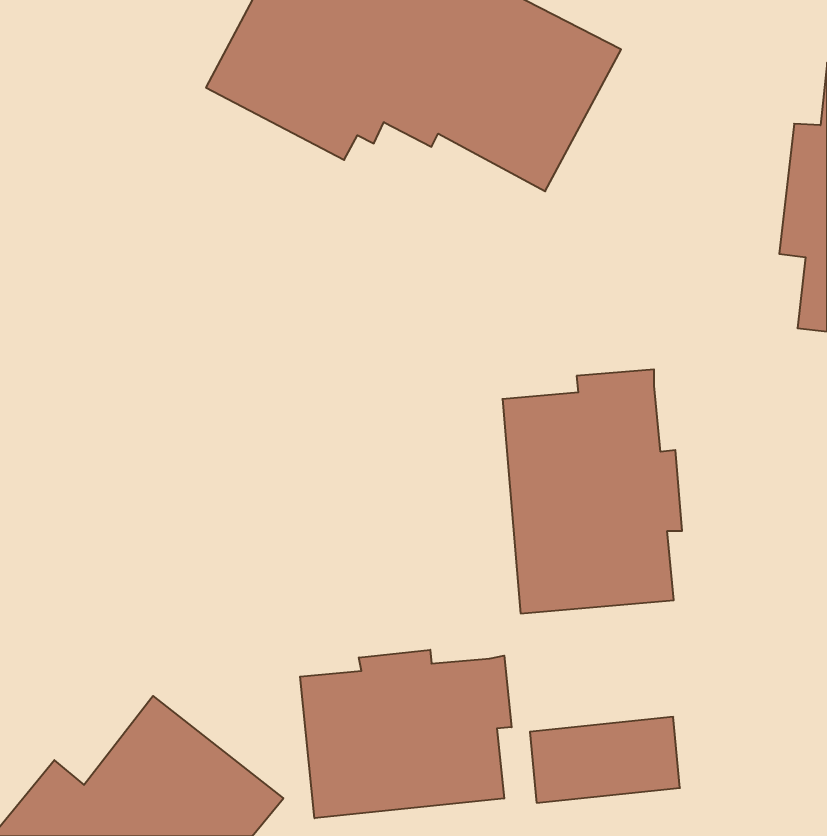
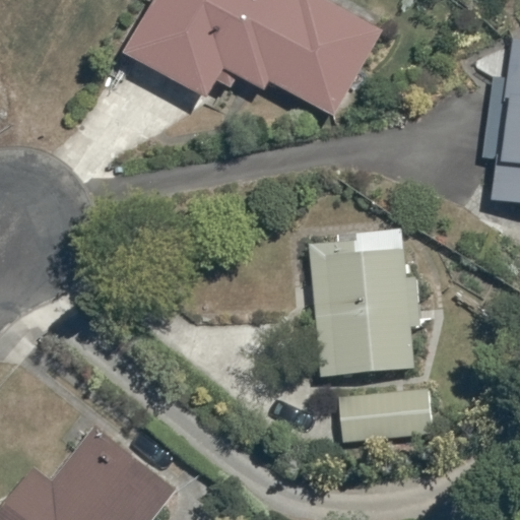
building: [300,650,512,818] -> none
building: [530,717,680,803] -> [337,388,430,441]

